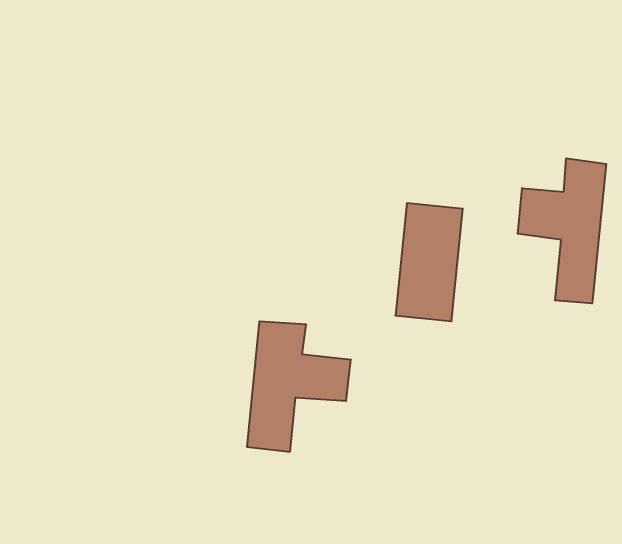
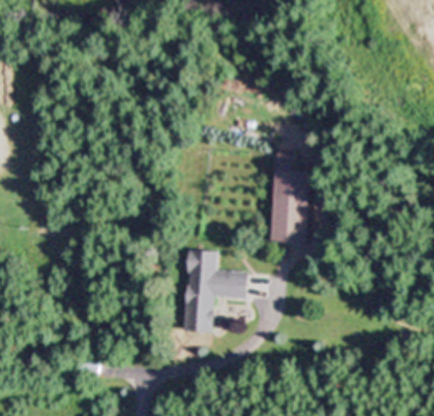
building: [518,158,606,304] -> none

